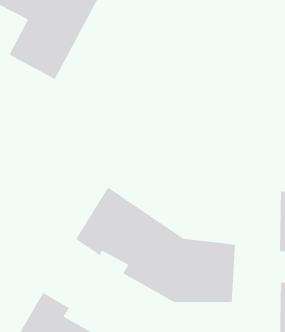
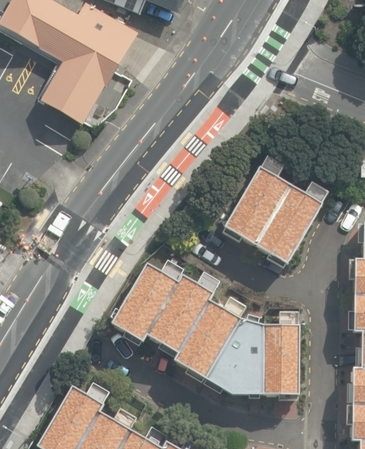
building: none -> [219,173,318,267]

